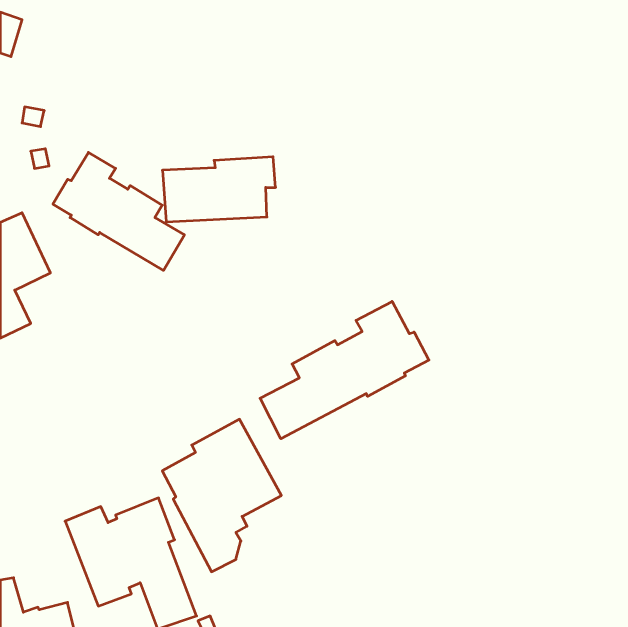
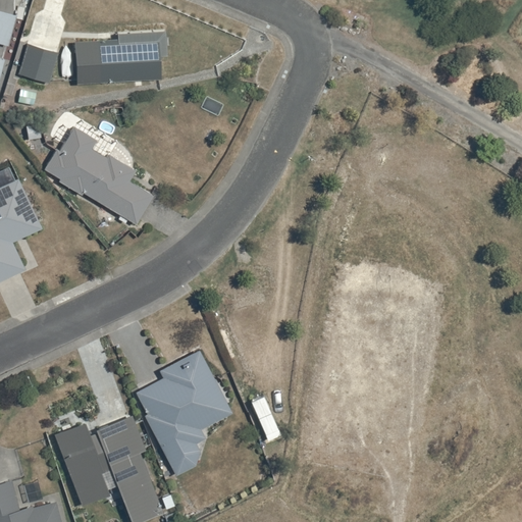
building: none -> [18,44,58,84]
building: [162,157,276,222] -> [73,31,167,85]
building: [260,301,429,439] -> none

